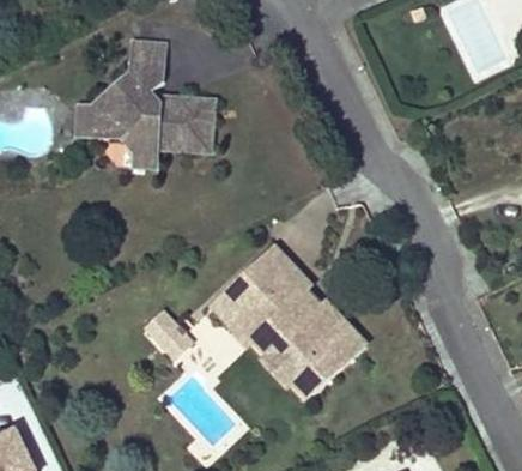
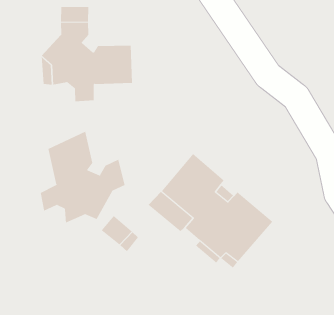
building: none -> [40,131,125,223]

